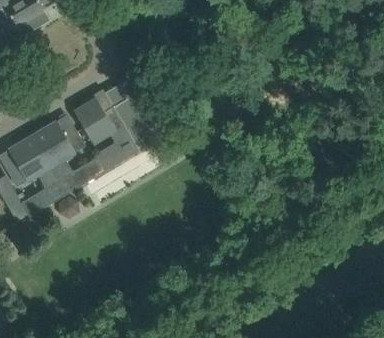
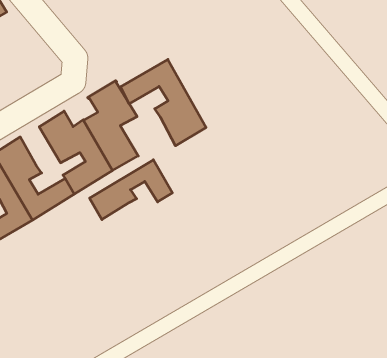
building: none -> [121,59,206,146]
building: none -> [90,160,172,220]

